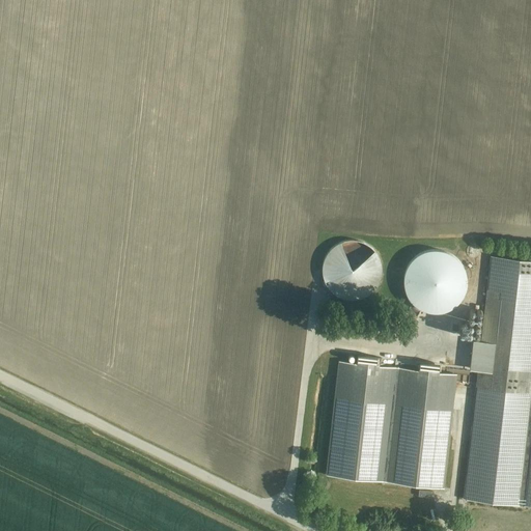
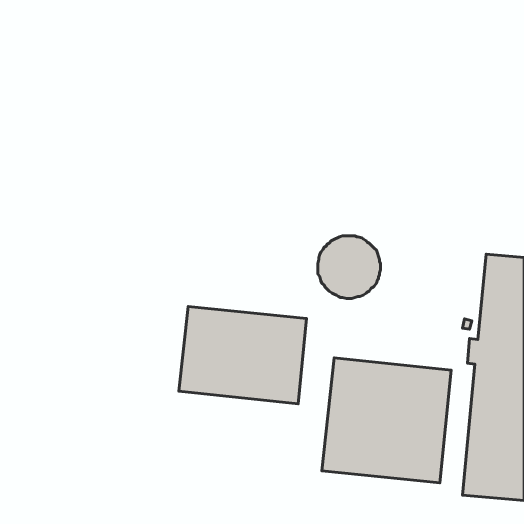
building: [403,250,467,313] -> none
building: none -> [179,306,306,404]

